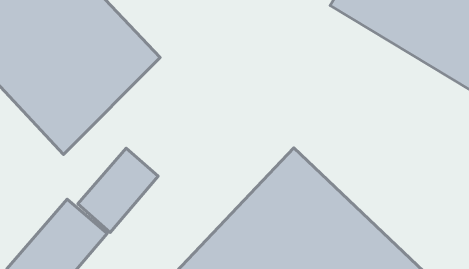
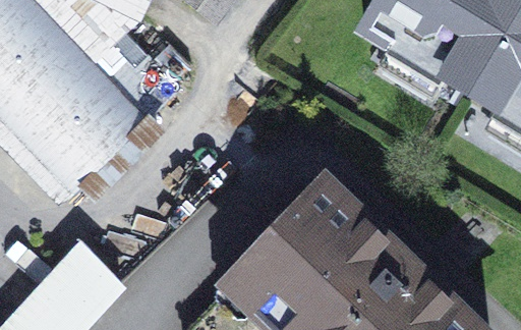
building: [78,148,158,232] -> none

